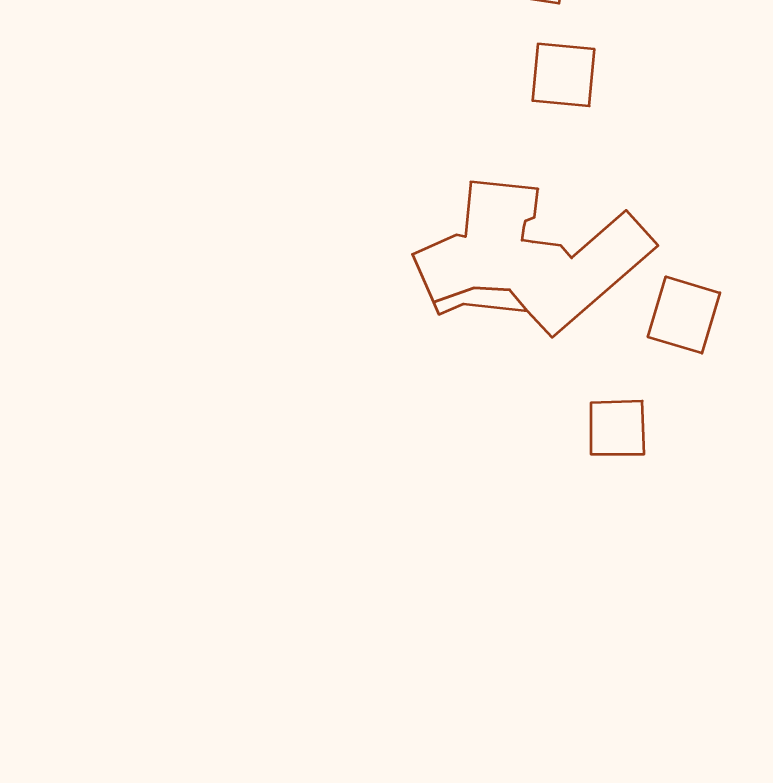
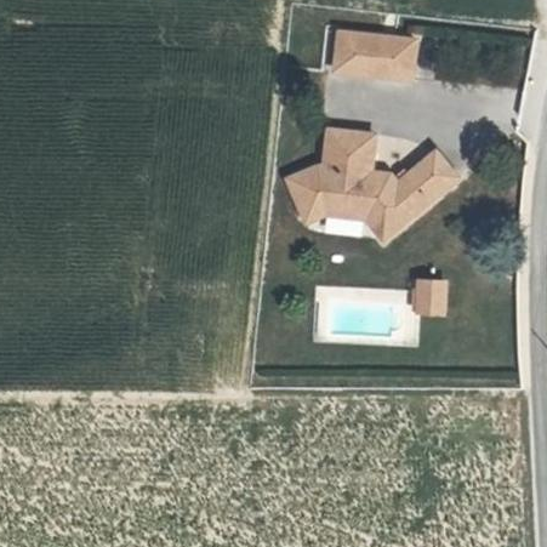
building: none -> [334,32,375,74]
building: [648,277,720,353] -> none

